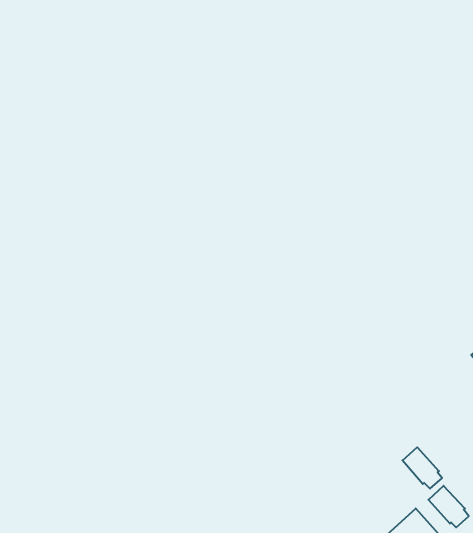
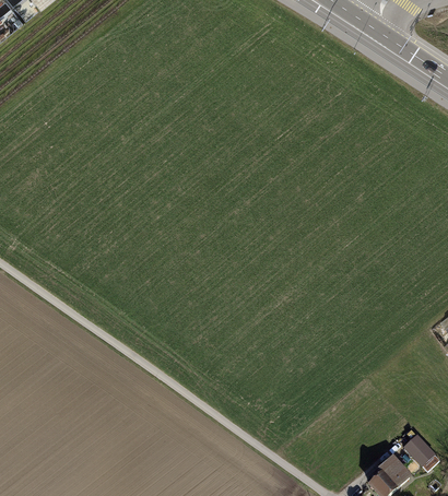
building: [402,447,442,489] -> none

